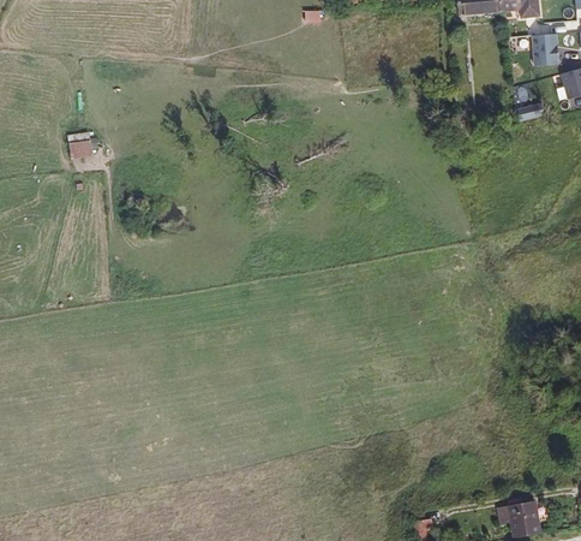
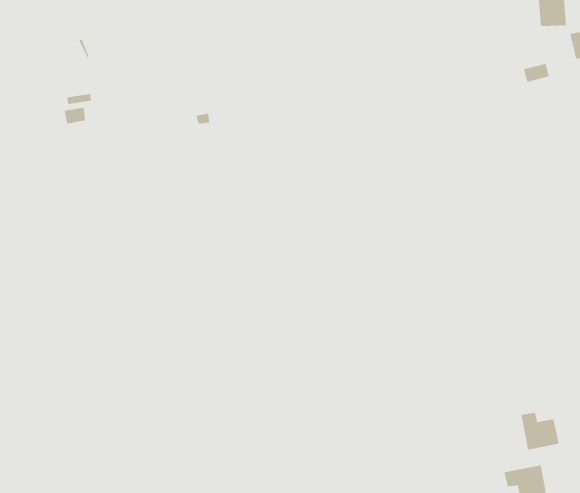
building: none -> [521,412,559,451]

